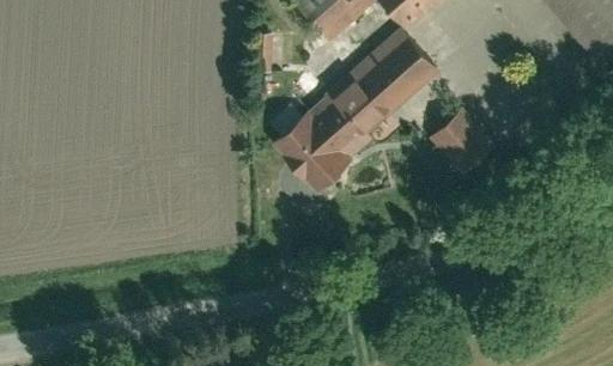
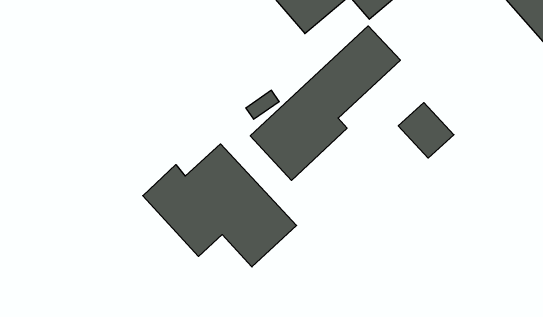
building: none -> [143,144,297,267]

